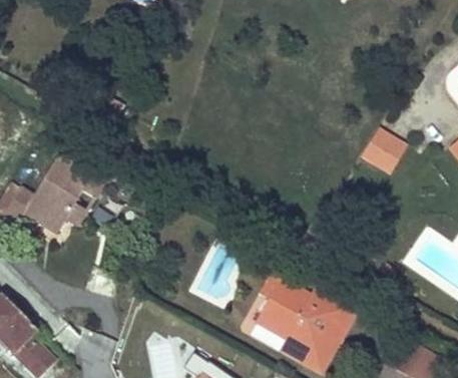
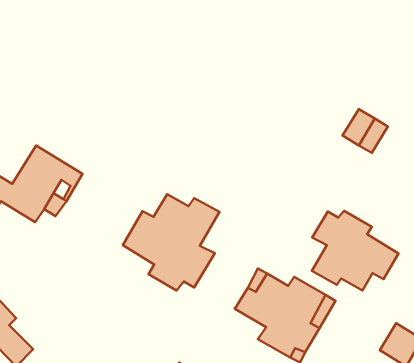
building: none -> [123,194,219,290]
building: none -> [312,211,399,291]

